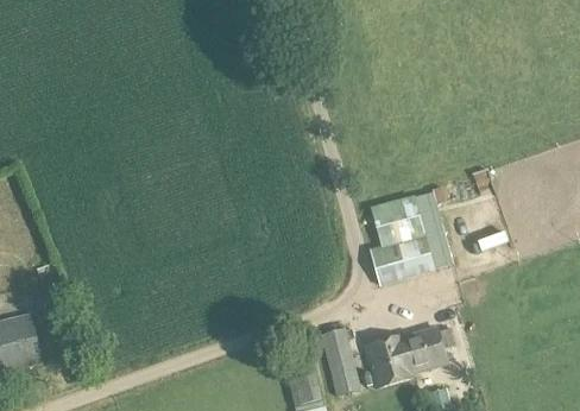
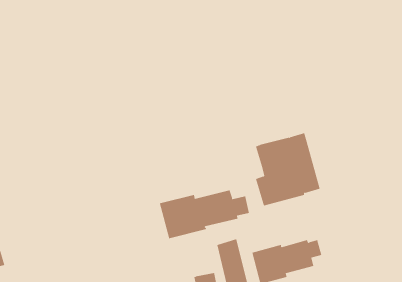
building: none -> [159,189,249,239]

